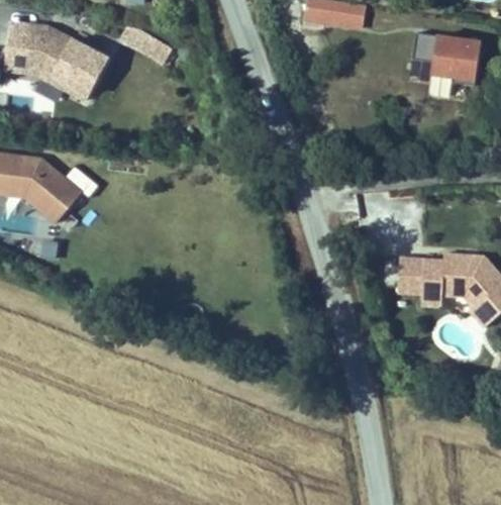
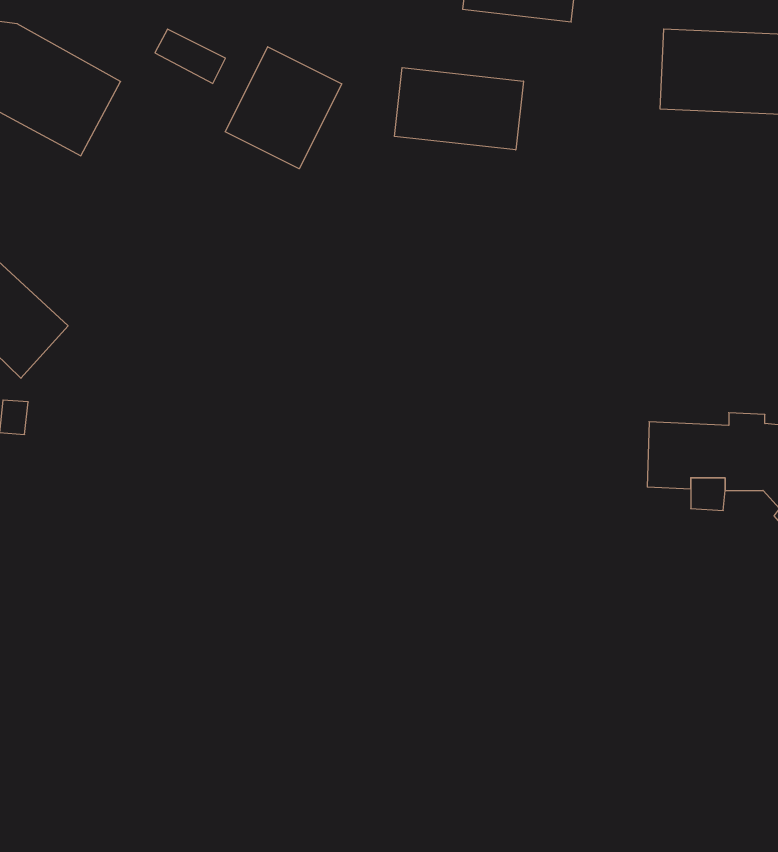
building: none -> [225,47,342,169]
building: none -> [394,68,523,150]

